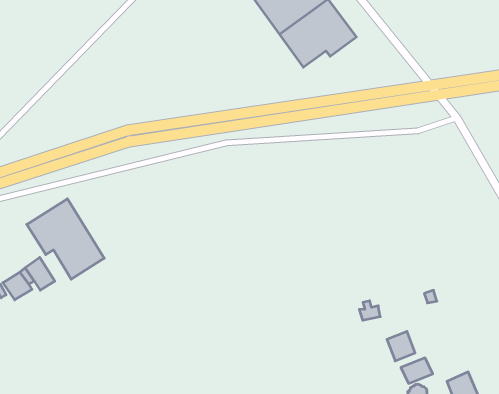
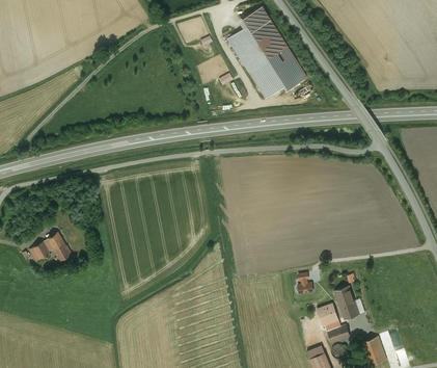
building: [27,199,104,279] -> none
building: none -> [334,286,359,319]

